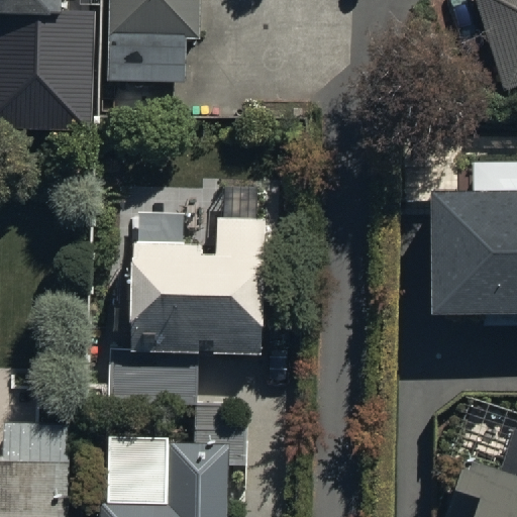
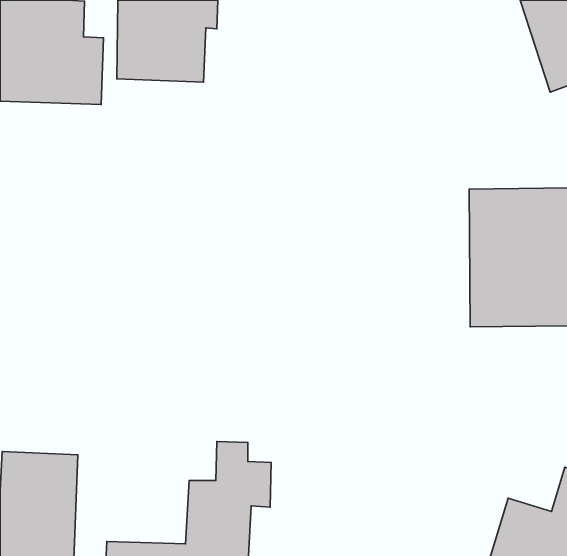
building: [107,223,268,404] -> none

